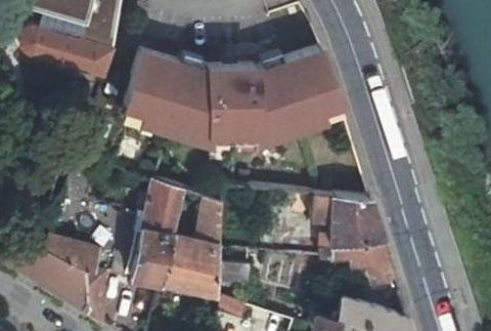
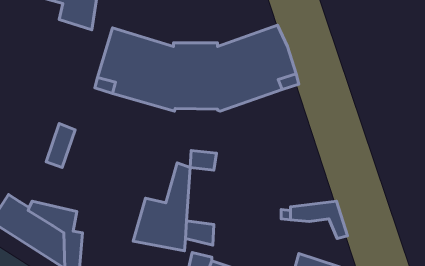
building: [25,29,117,80] -> none
building: [135,181,186,284] -> none
building: [315,195,384,246] -> none

